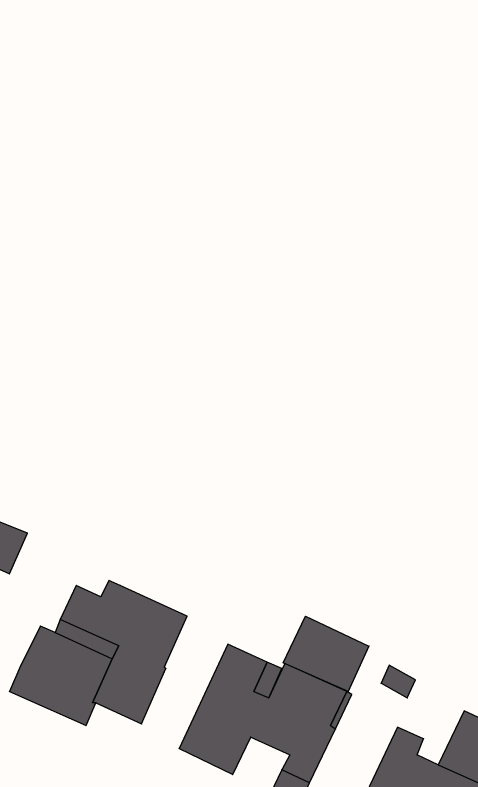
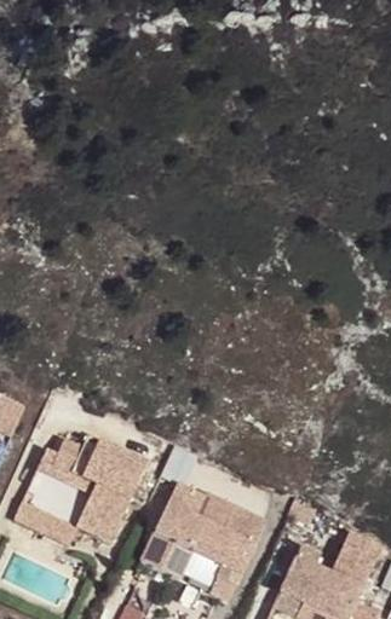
building: [283,616,369,692] -> none

